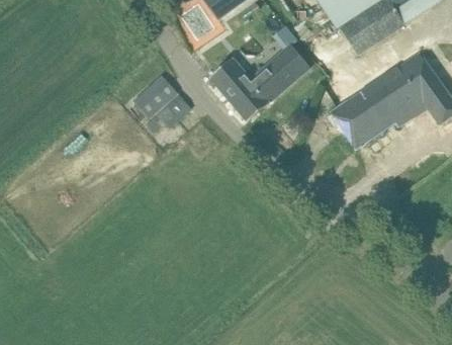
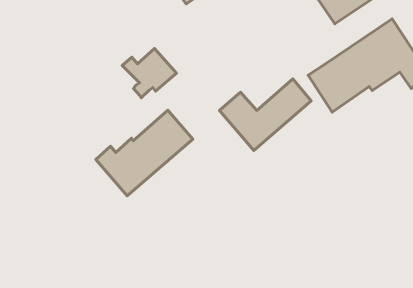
building: [210,44,307,119] -> [219,79,311,150]
building: none -> [96,110,193,196]

